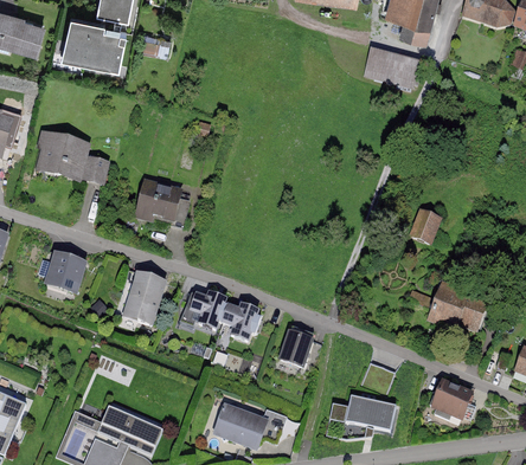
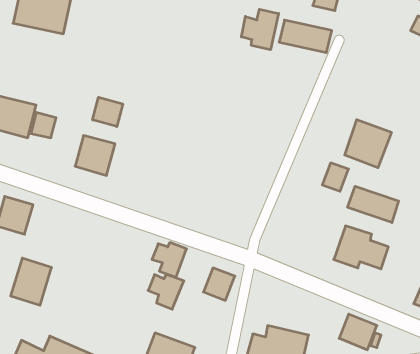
building: none -> [241,9,279,50]
building: none -> [93,97,123,127]
building: none -> [345,120,391,168]
building: none -> [348,186,399,223]
building: [123,271,169,324] -> [11,258,52,305]
building: [188,290,229,329] -> [148,275,184,309]

